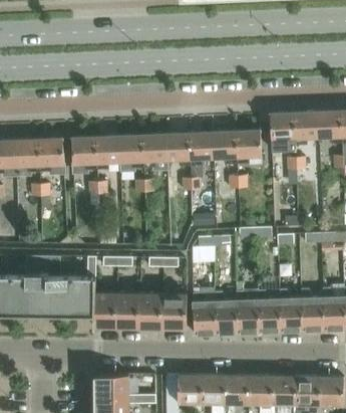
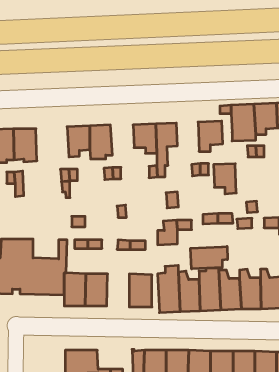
building: [212,131,236,163] -> [214,164,236,194]
building: [141,134,166,169] -> none
building: [71,136,97,172] -> none
building: none -> [191,246,227,269]
building: [137,292,161,328] -> none

